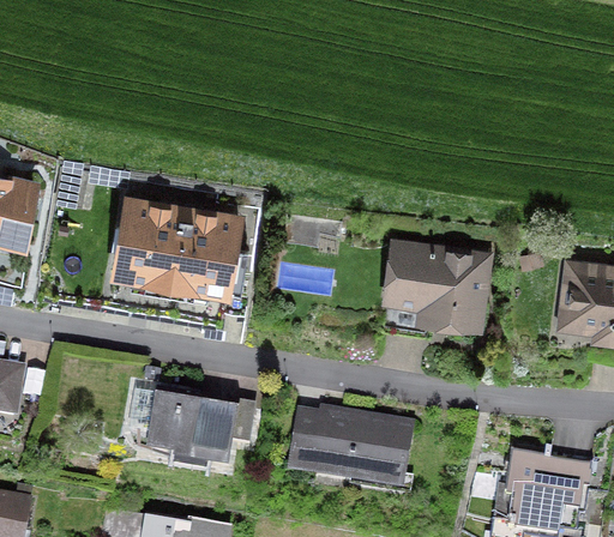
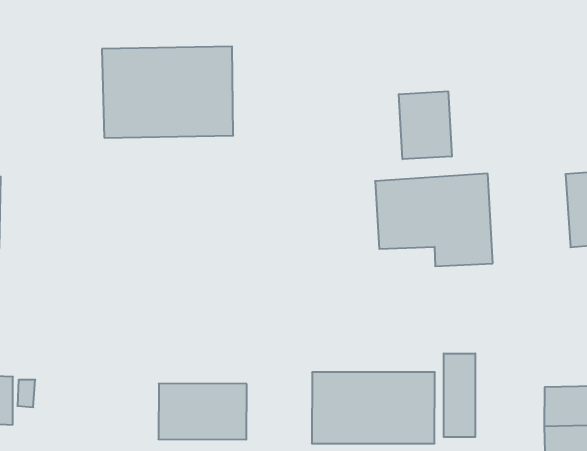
building: none -> [399,91,452,159]
building: [112,193,243,292] -> [102,46,233,138]
building: none -> [444,353,475,437]

